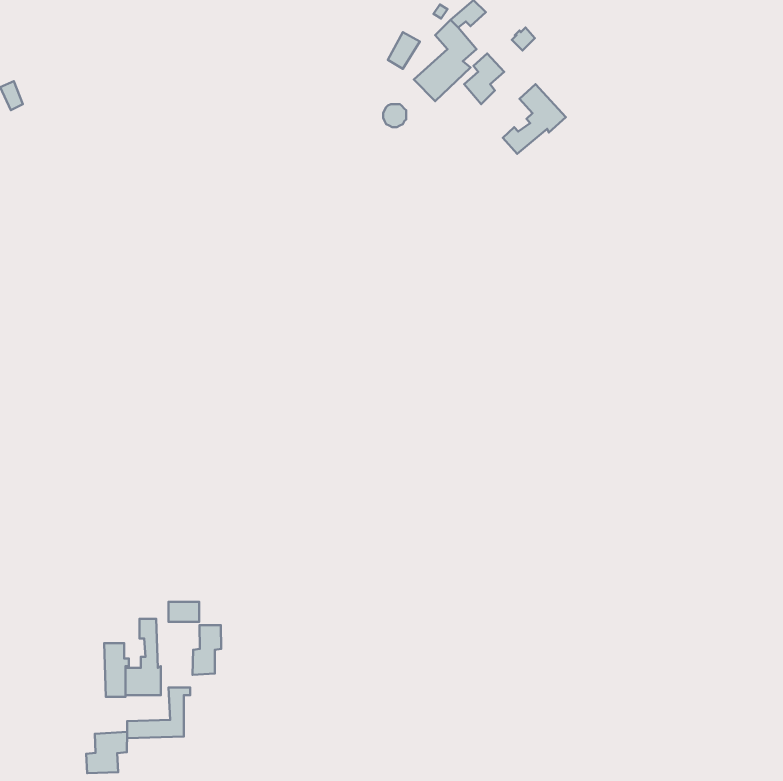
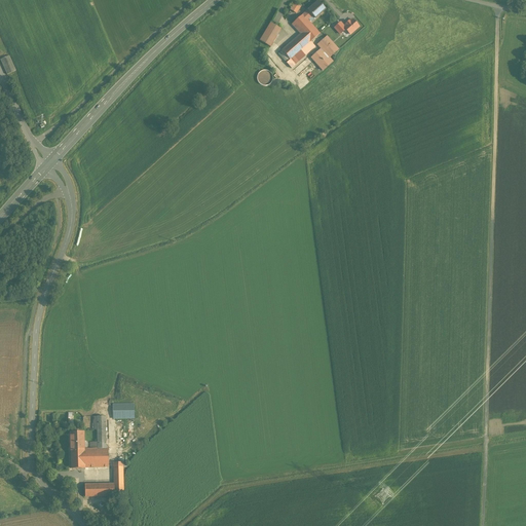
building: [503,84,566,154] -> none
building: [193,625,221,675] -> none
building: [86,732,127,773] -> none

